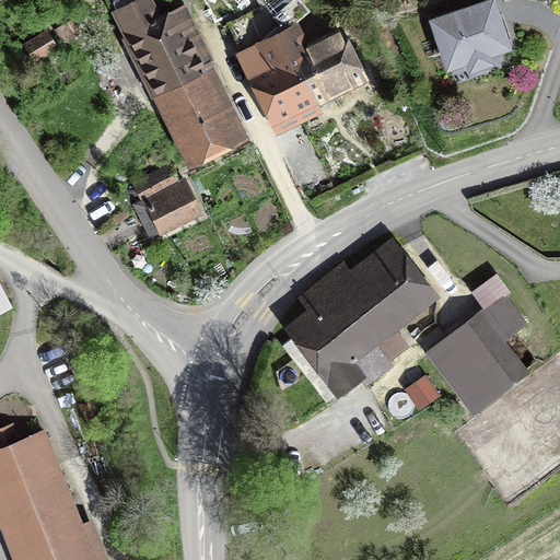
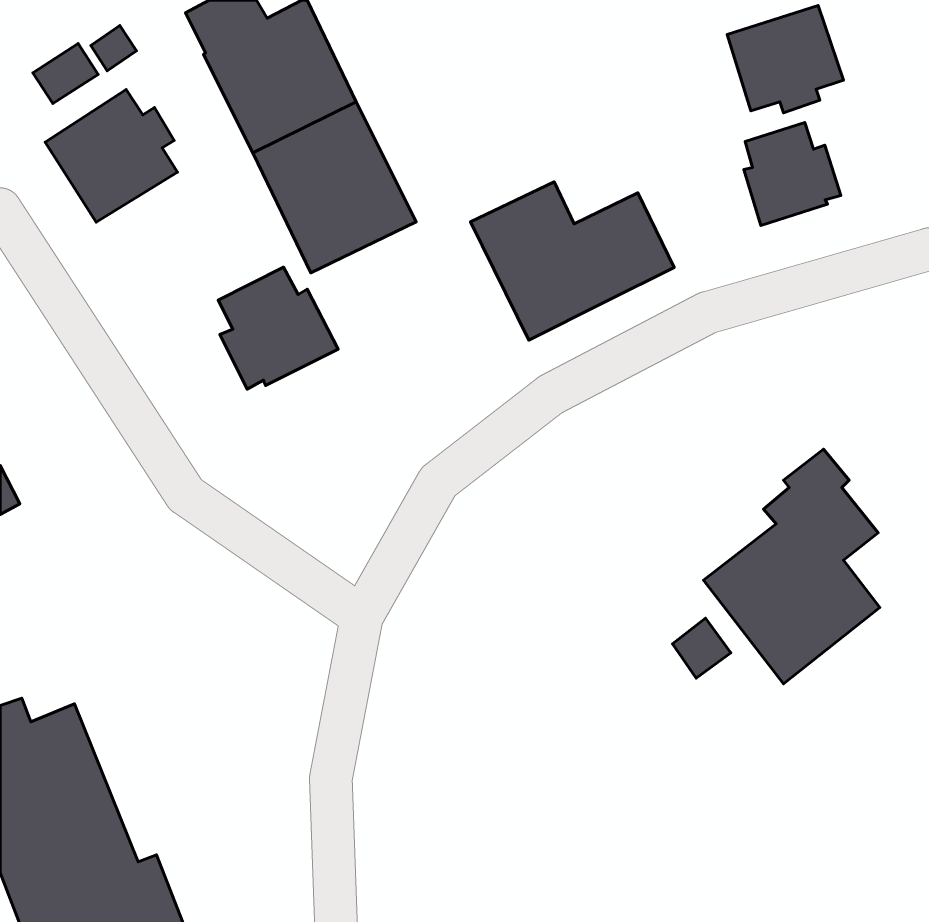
building: [243,28,365,124] -> [471,182,674,340]
building: none -> [45,89,177,222]
building: none -> [744,122,841,225]
building: [282,237,440,404] -> none

